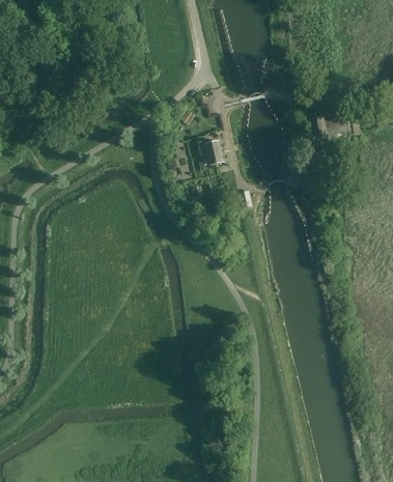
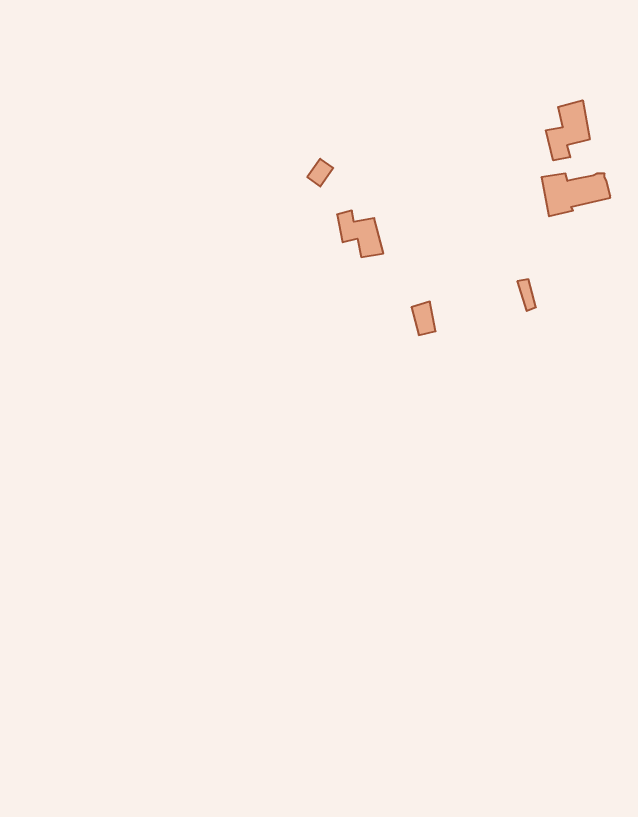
building: none -> [546,100,590,160]

